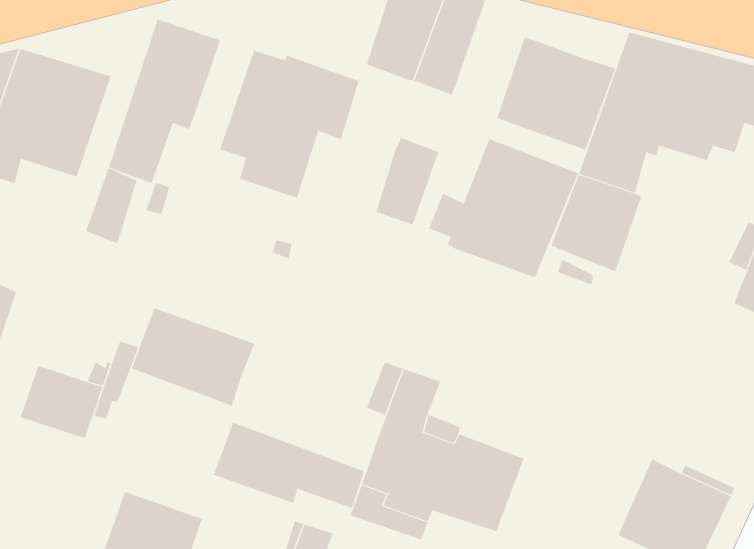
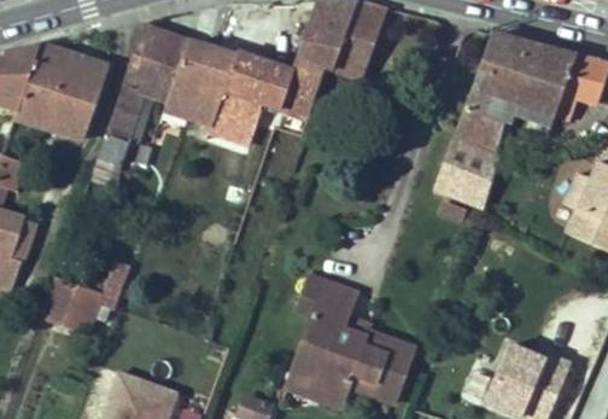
building: [496,36,616,150] -> none
building: none -> [163,37,214,118]
building: [376,137,439,225] -> [279,56,326,121]
building: [428,138,579,278] -> none
building: [131,307,255,406] -> none
building: [213,422,365,509] -> none

